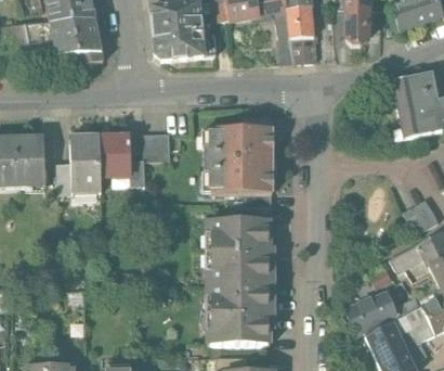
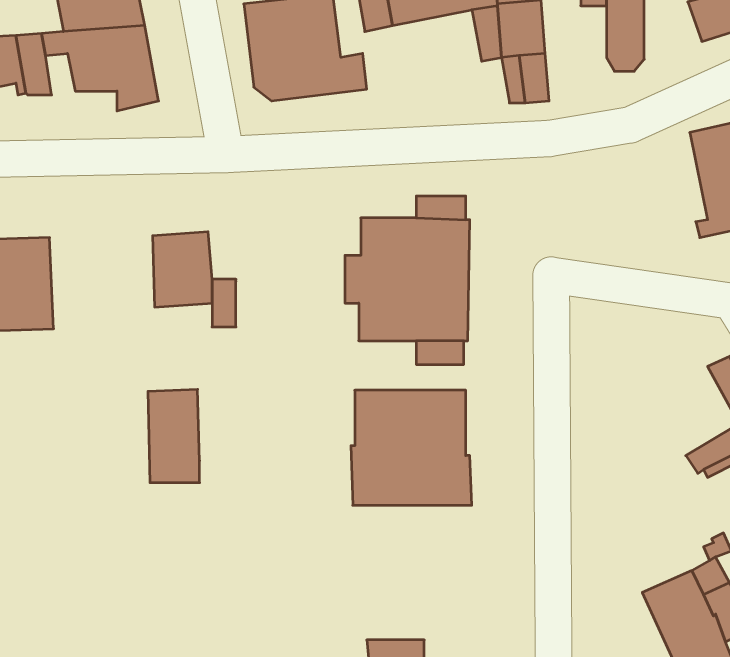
building: [143,130,170,159] -> none
building: [71,135,100,186] -> [148,389,200,483]
building: [208,282,273,342] -> none
building: [343,287,399,334] -> none

